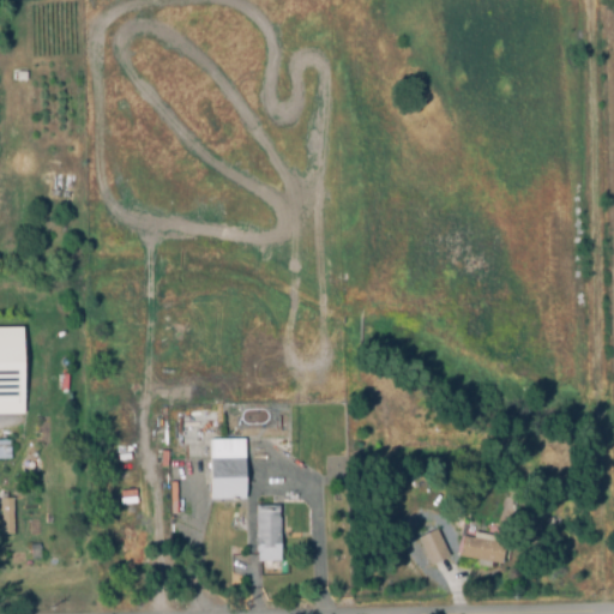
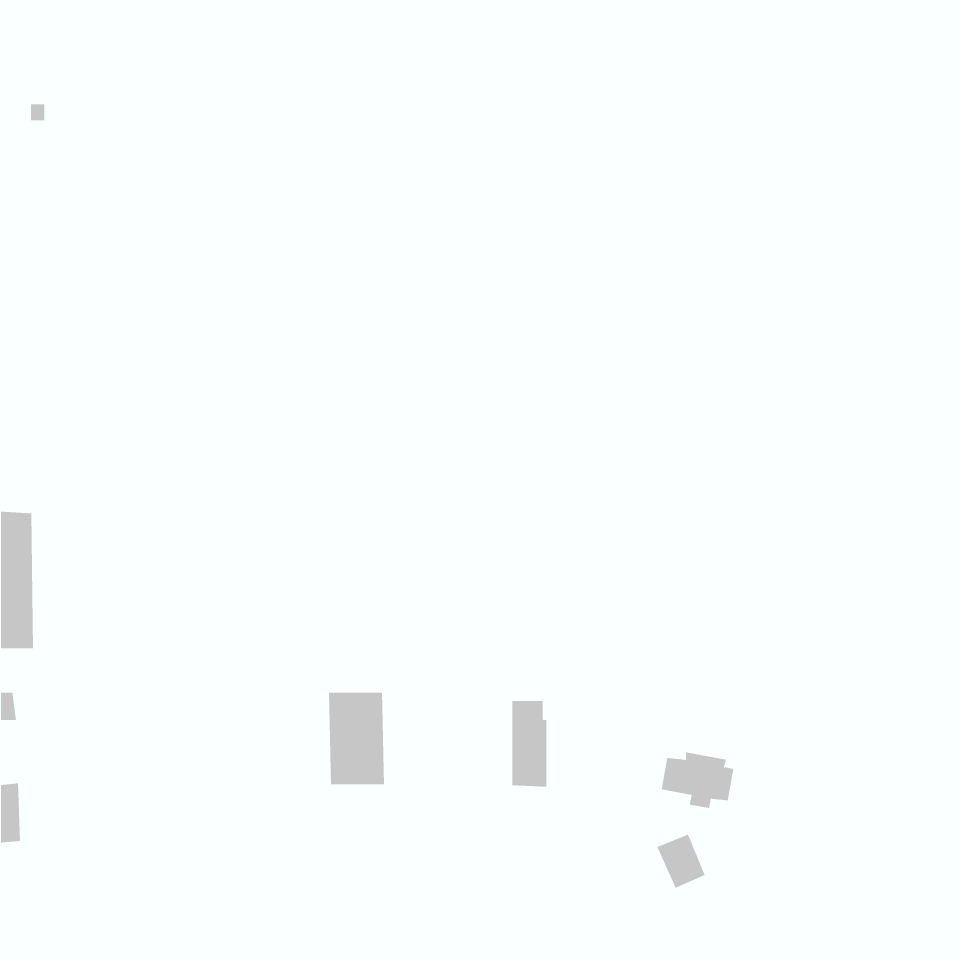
building: [258,506,281,561] -> [511,701,547,787]
building: [459,532,506,568] -> [661,752,734,808]

